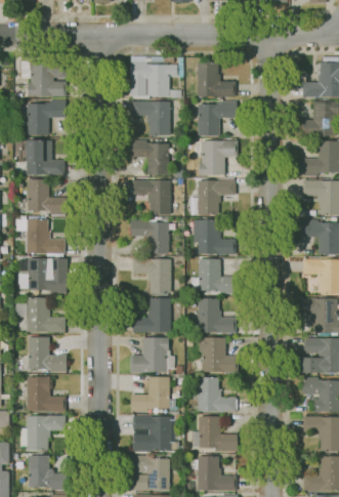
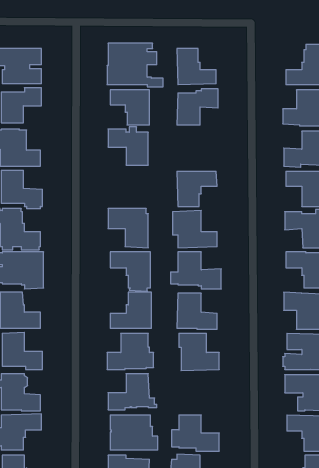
building: [199,139,238,177] -> none
building: [132,178,171,214] -> none
building: [197,376,236,412] -> none

